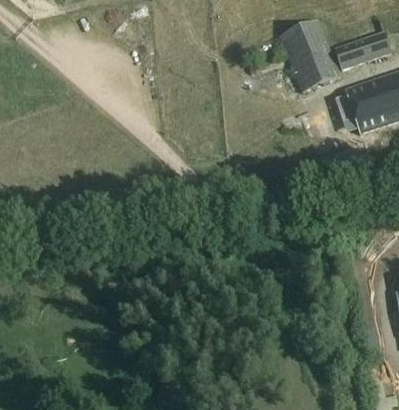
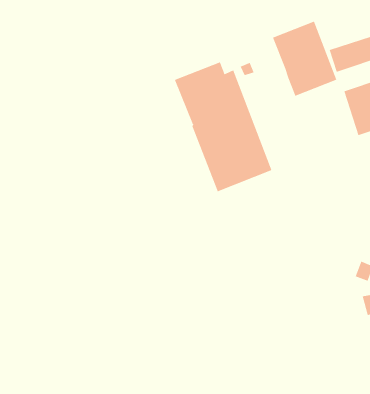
building: none -> [174,62,272,192]

